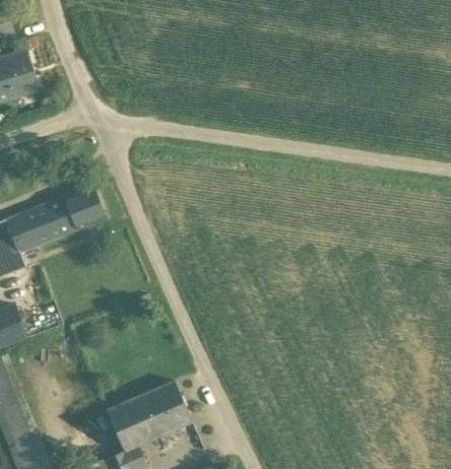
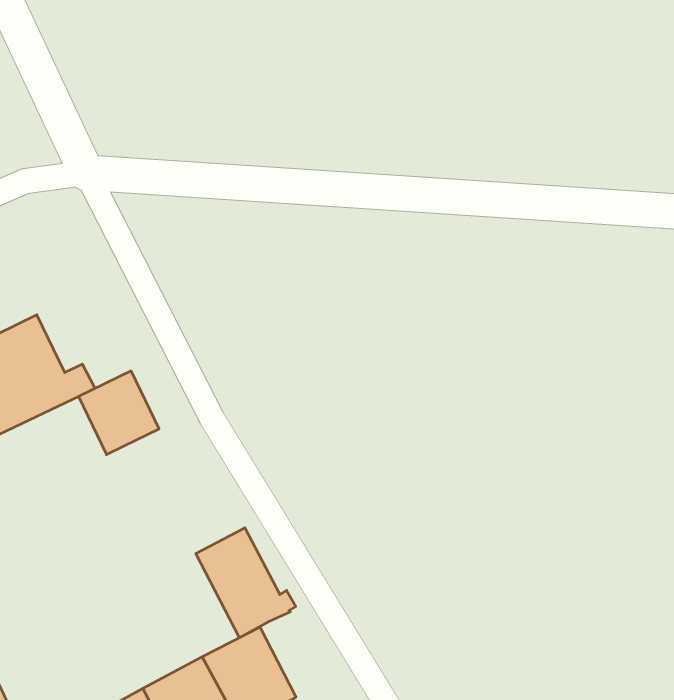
building: [62,184,106,229] -> [79,371,159,455]
building: none -> [196,528,296,638]

